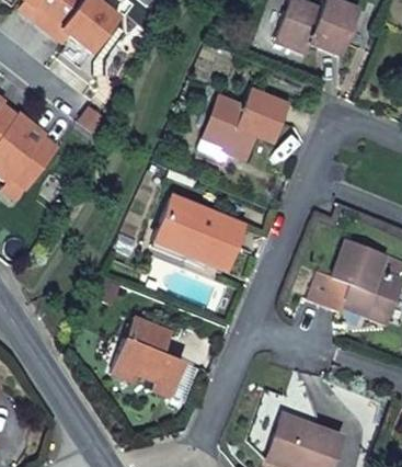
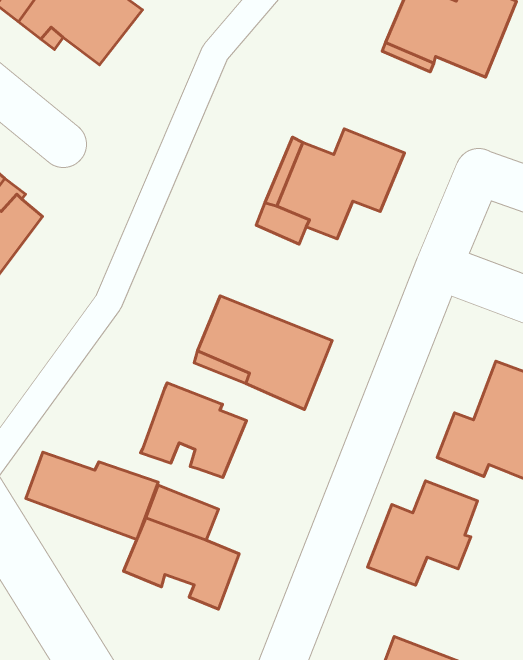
building: none -> [141,383,246,478]
building: none -> [26,452,158,540]
building: none -> [368,481,478,585]

